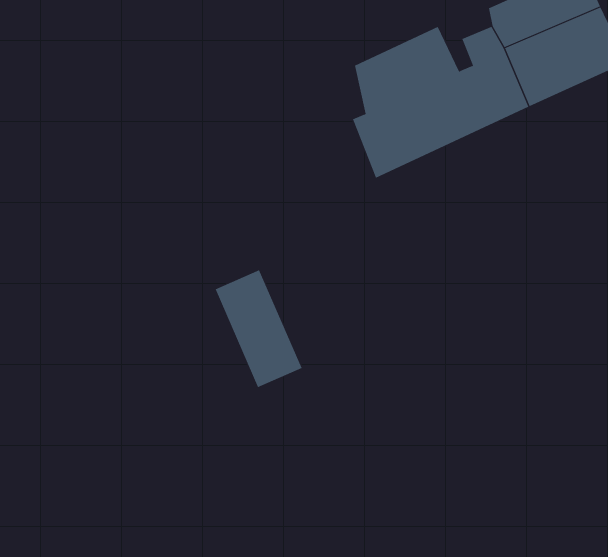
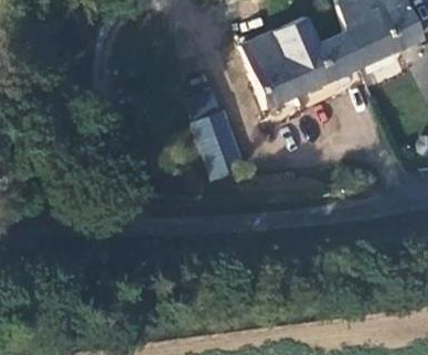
building: [215,270,302,388] -> [190,105,244,177]

